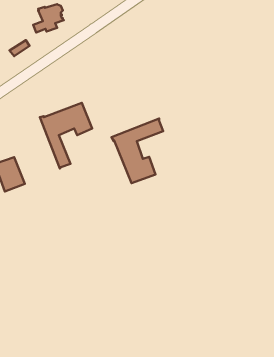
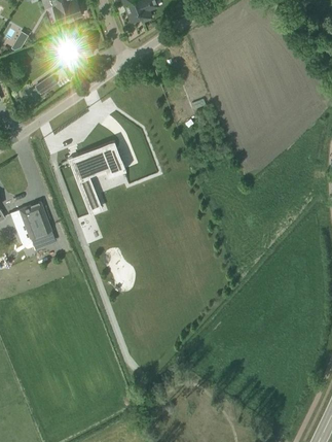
building: [112,119,163,183] -> none

